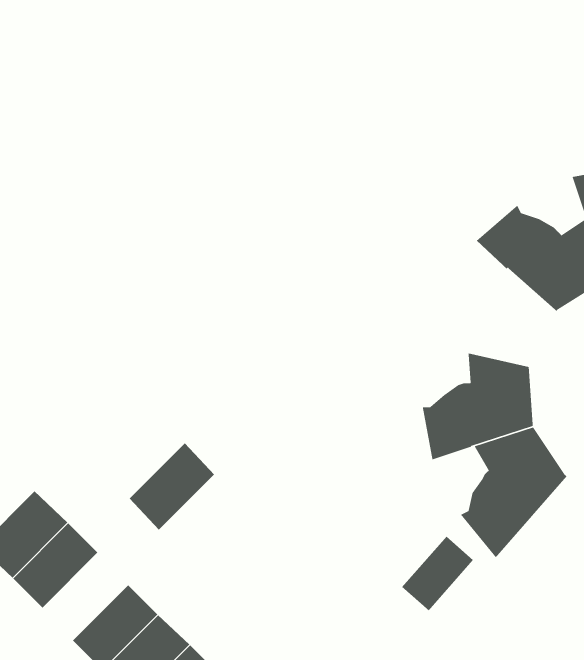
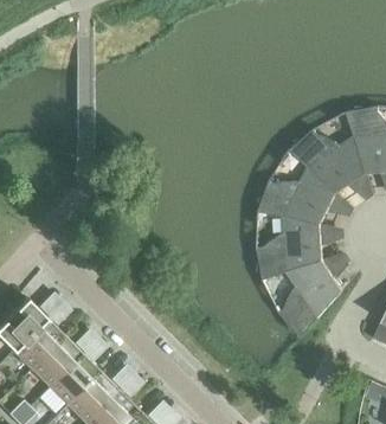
building: none -> [257,166,336,224]
building: [129,443,215,531] -> [31,334,82,386]
building: [401,536,474,612] -> none

